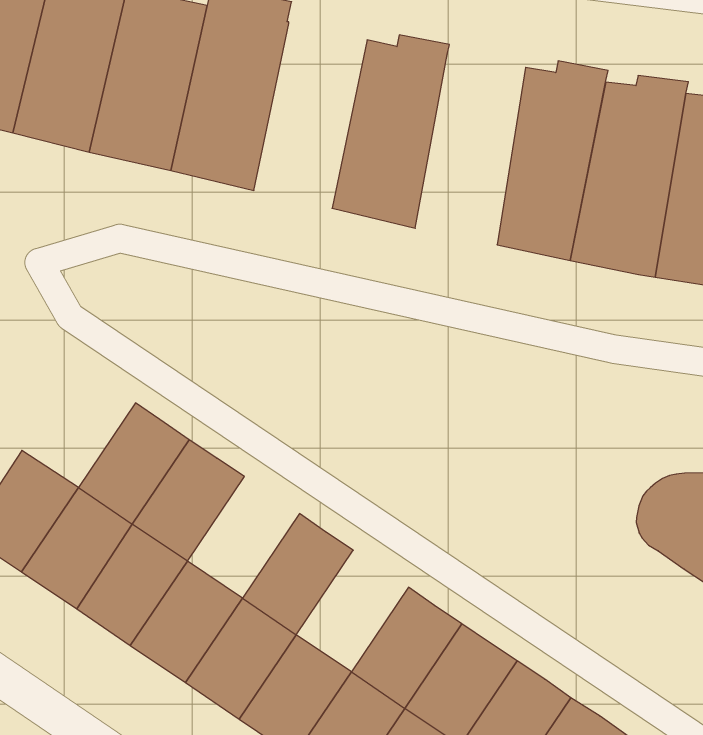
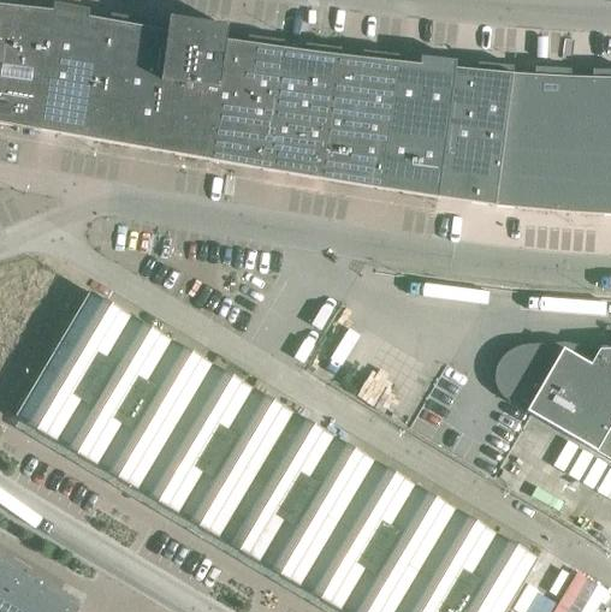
building: none -> [207,35,283,170]
building: none -> [324,49,397,189]
building: none -> [52,291,131,379]
building: none -> [174,364,253,451]
building: none -> [255,412,333,499]

